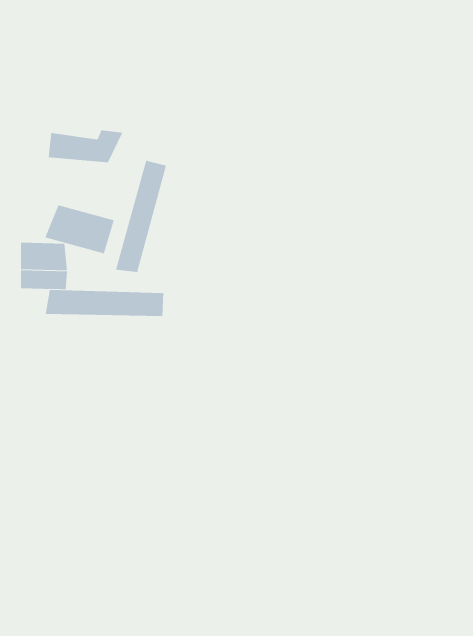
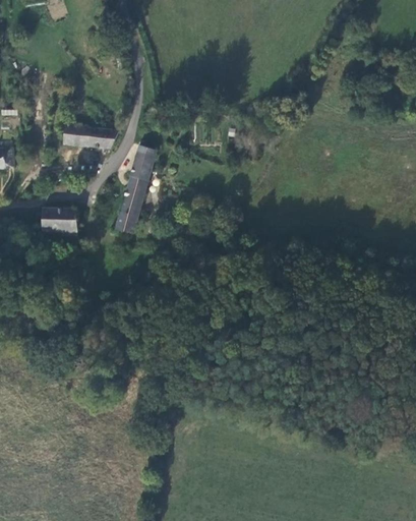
building: [45,205,115,254] -> none
building: [45,289,164,317] -> none

